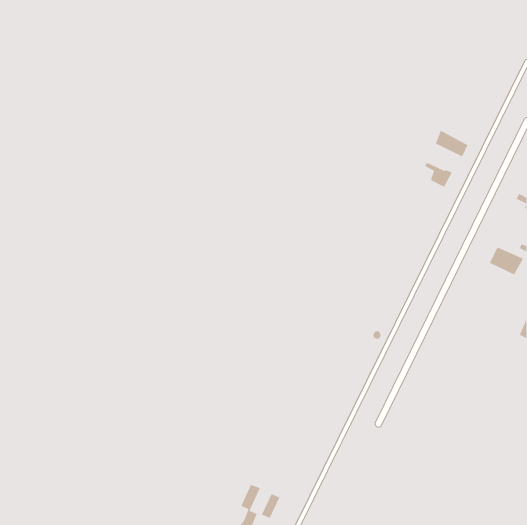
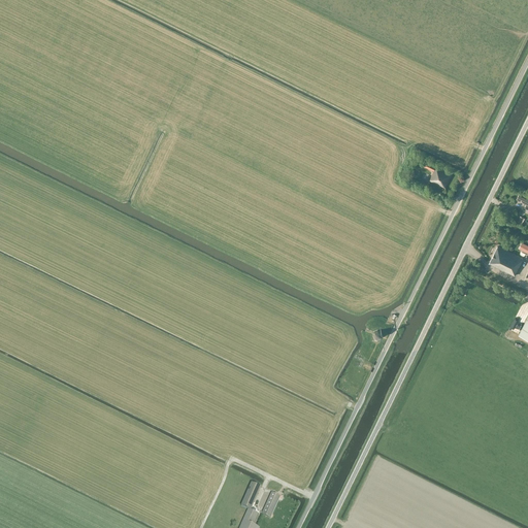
building: [435,130,469,158] -> none

